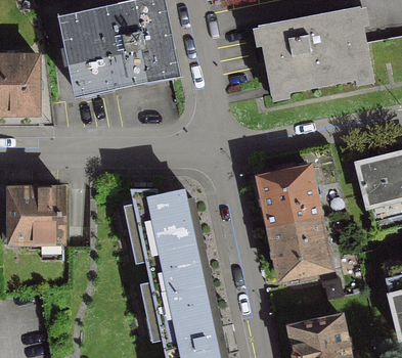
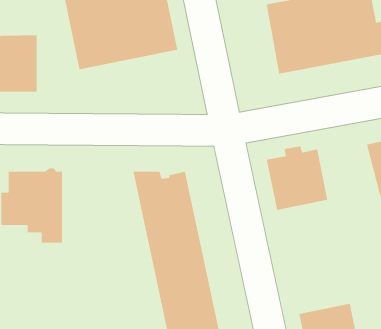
building: [269,217,330,280] -> none

